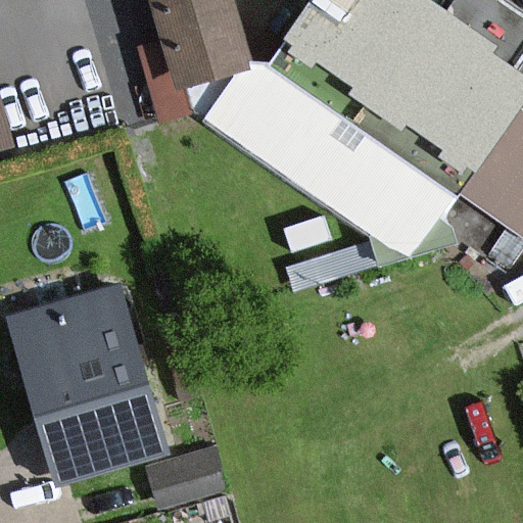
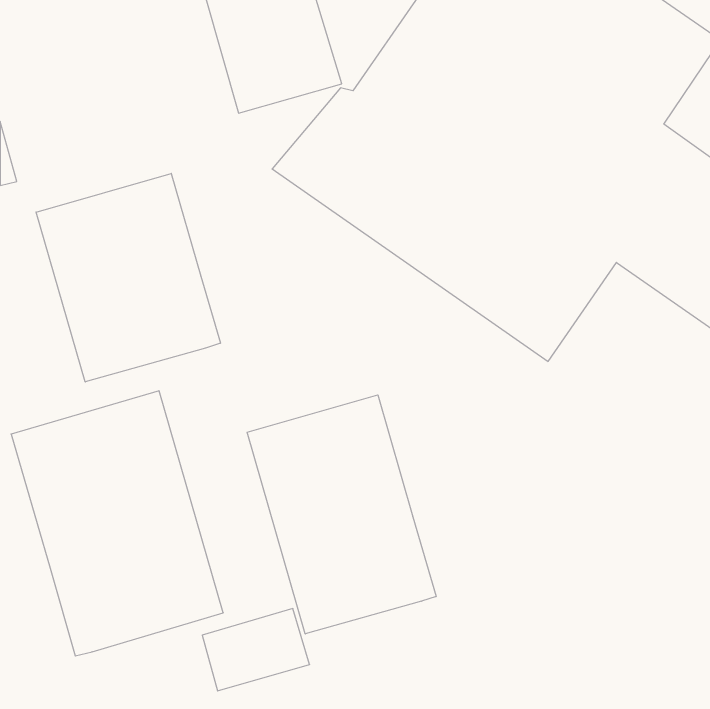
building: none -> [36,173,220,382]
building: none -> [247,395,436,634]

